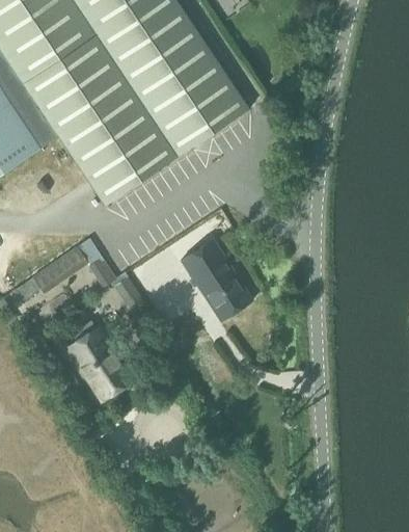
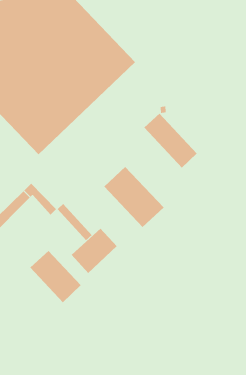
building: none -> [143,113,197,168]
building: none -> [71,228,118,274]

